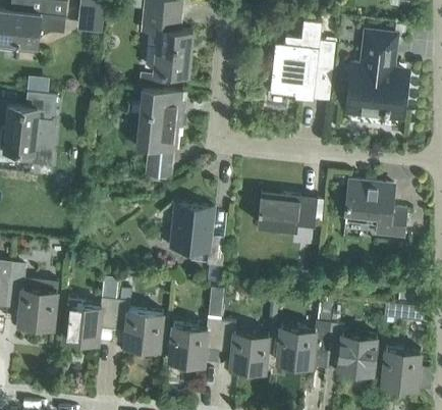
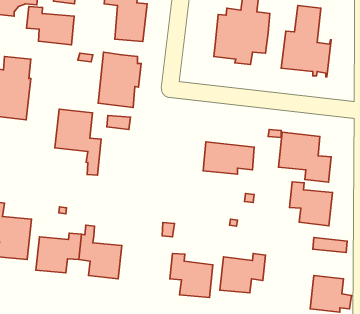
building: none -> [27,7,74,45]
building: [170,204,224,280] -> [55,109,101,175]
building: [169,320,222,367] -> none
building: [327,324,377,375] -> [289,182,332,226]

